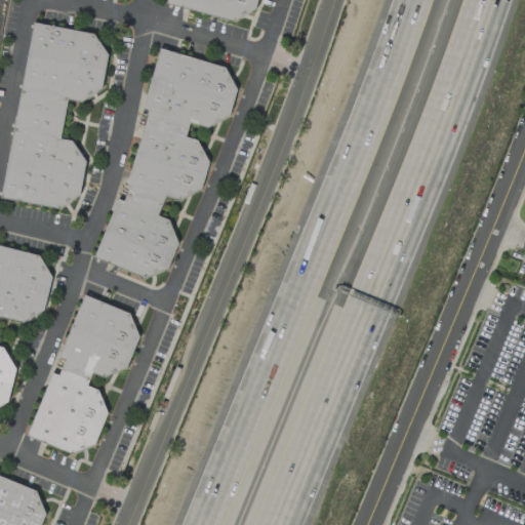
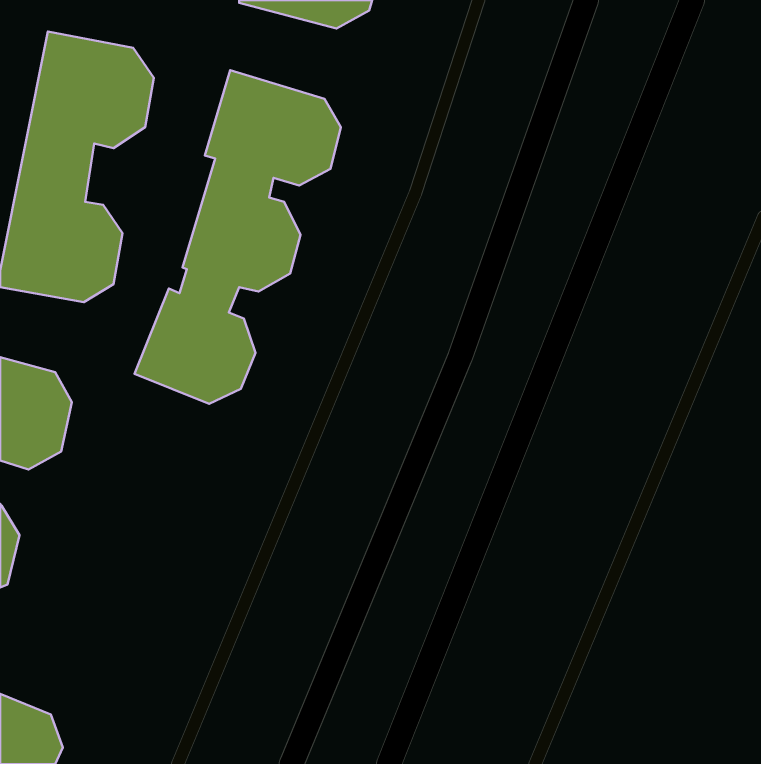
building: [27,293,139,453] -> none

